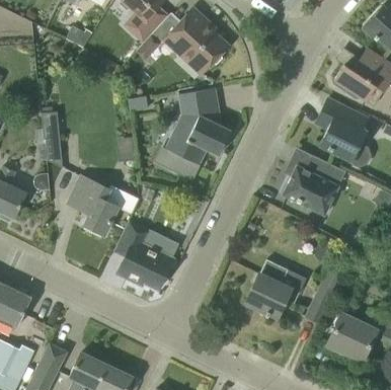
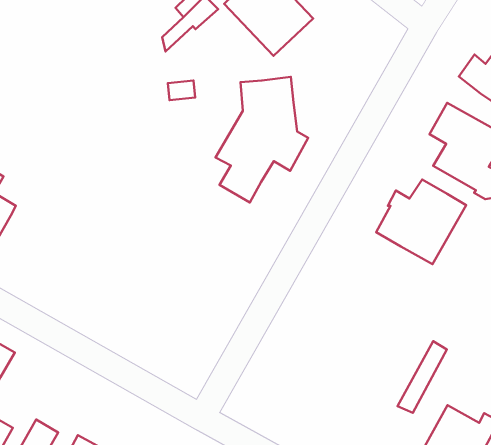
building: [42,111,62,168] -> none
building: [68,175,139,234] -> none
building: [113,220,173,290] -> none
building: [244,258,306,316] -> none

